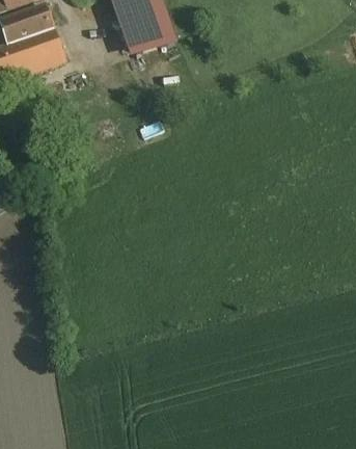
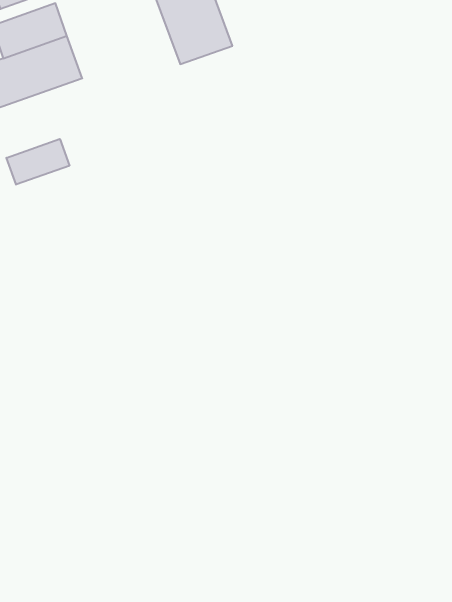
building: none -> [6,139,69,185]

